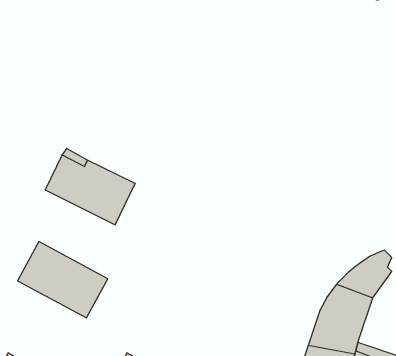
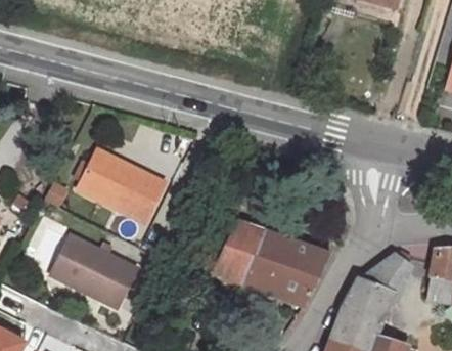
building: none -> [214,217,333,305]

